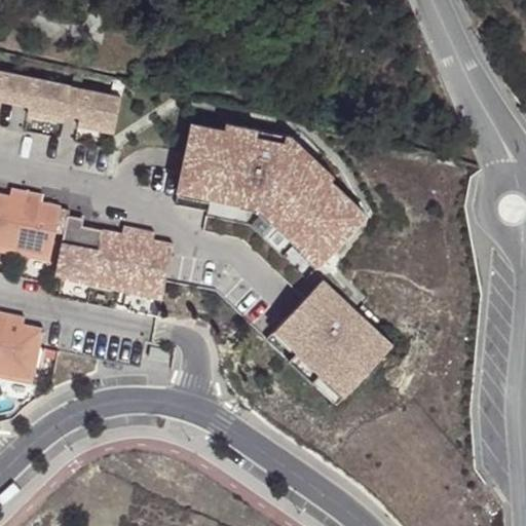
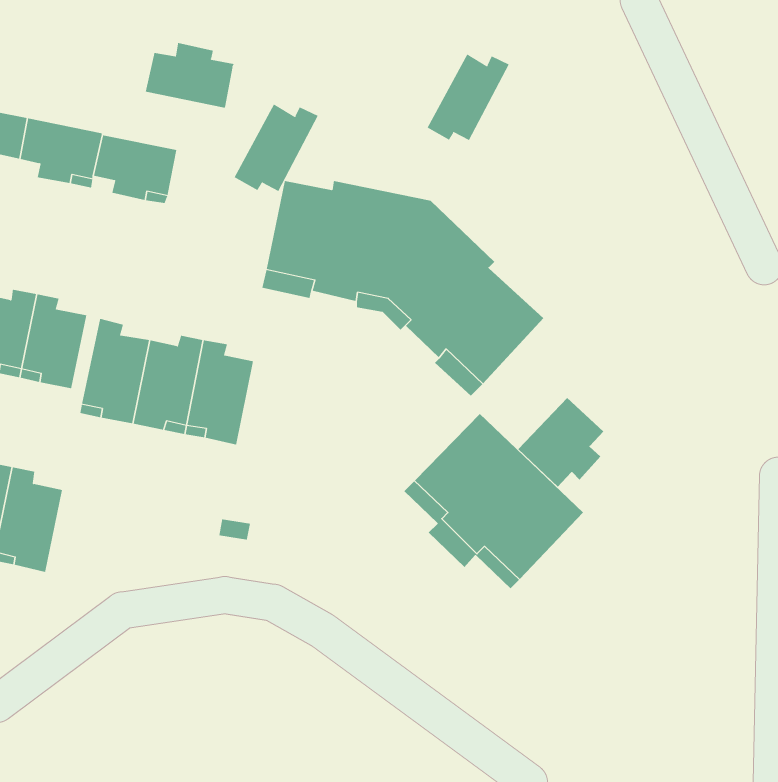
building: none -> [145,42,234,109]
building: none -> [427,53,509,141]
building: none -> [234,103,319,192]
building: none -> [518,397,604,488]

